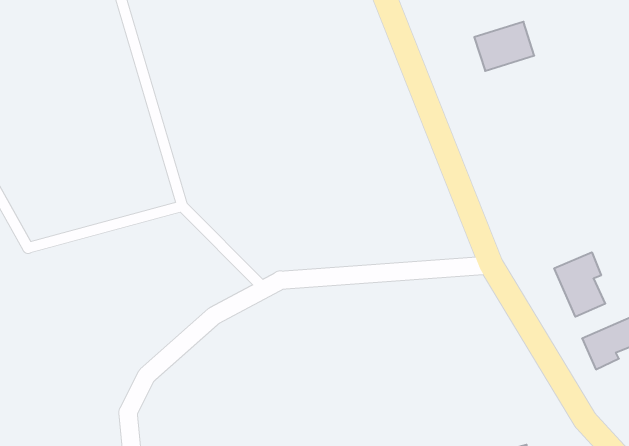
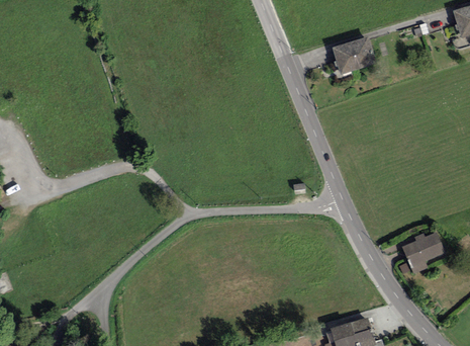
building: [554,252,605,317] -> none

